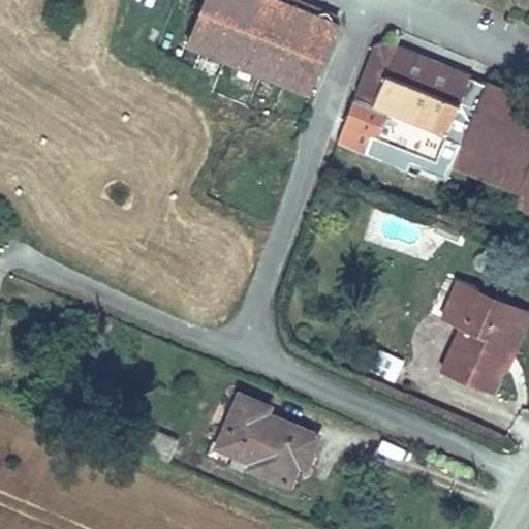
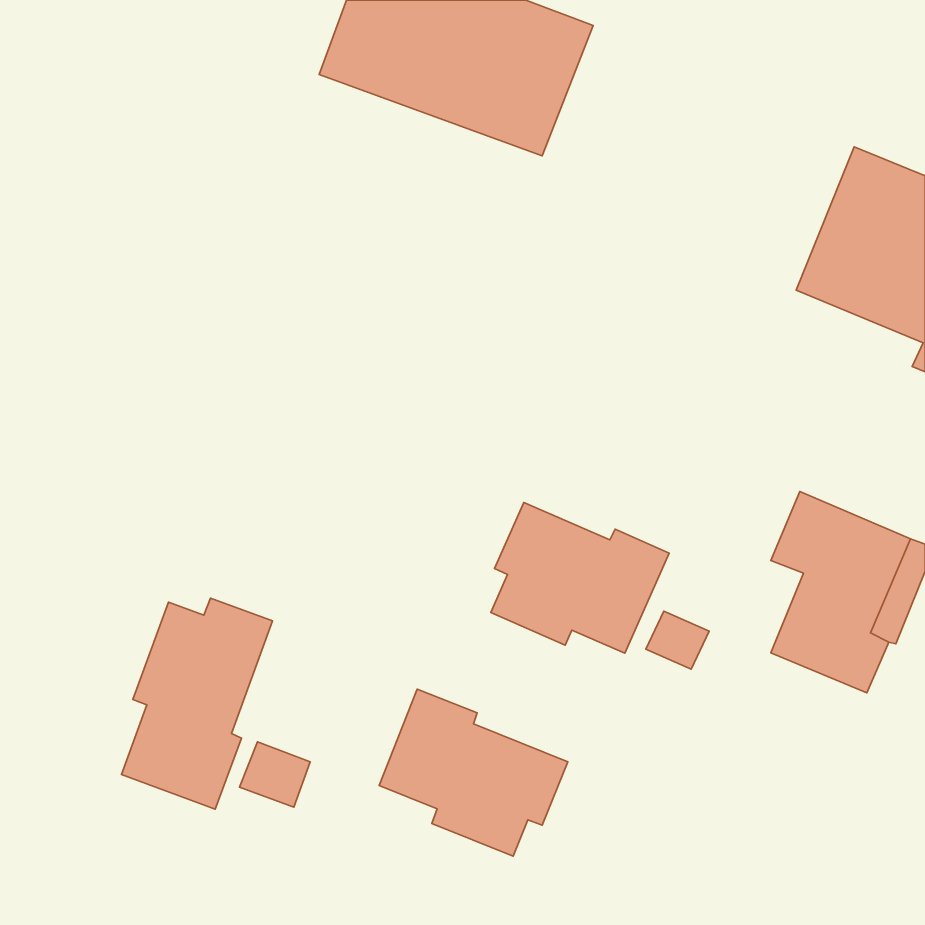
building: [339,41,487,188] -> none
building: none -> [491,502,669,653]
building: none -> [122,598,272,809]

